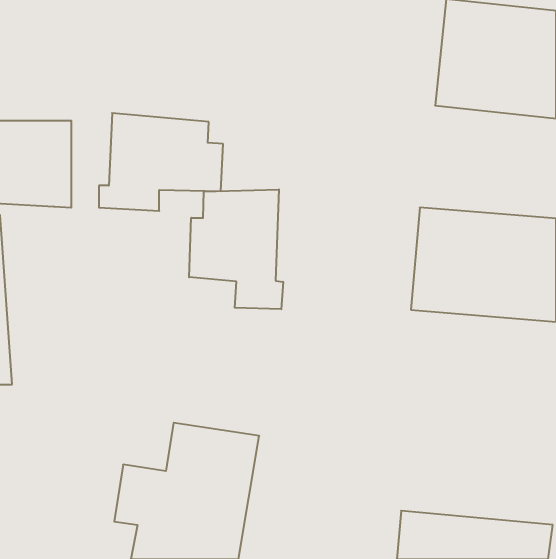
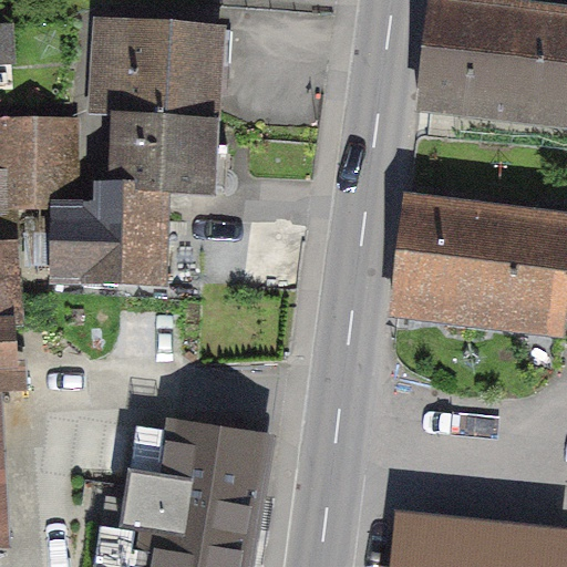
building: none -> [97,20,231,123]
building: [189,189,283,309] -> none
building: none -> [51,208,161,281]

